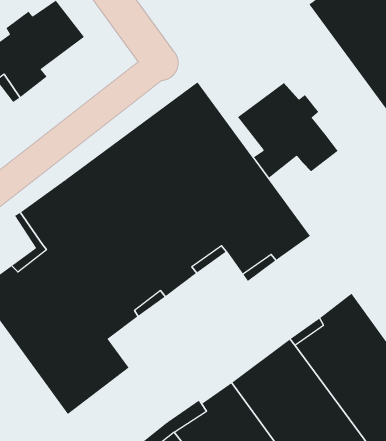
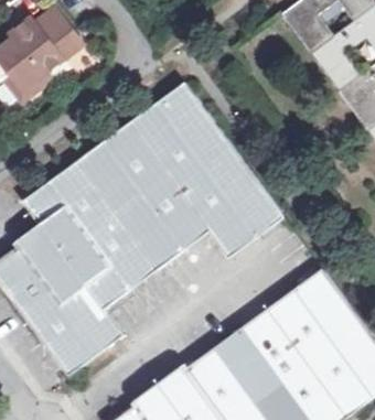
building: [237,82,338,179] -> none

